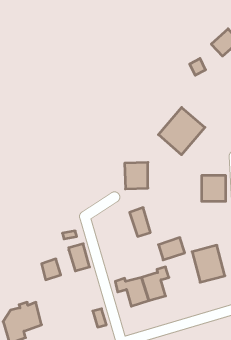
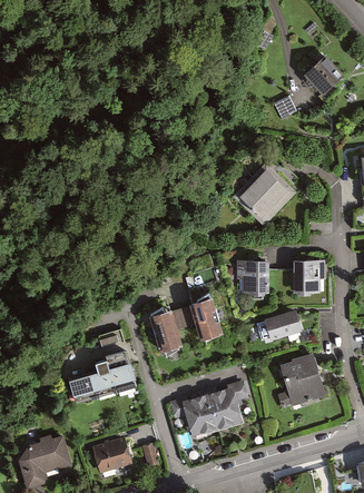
building: [125,162,148,189] -> [237,257,269,294]
building: none -> [151,313,180,353]
building: [158,238,185,260] -> [265,308,302,339]
building: none -> [90,361,117,395]
building: none -> [91,434,132,472]

